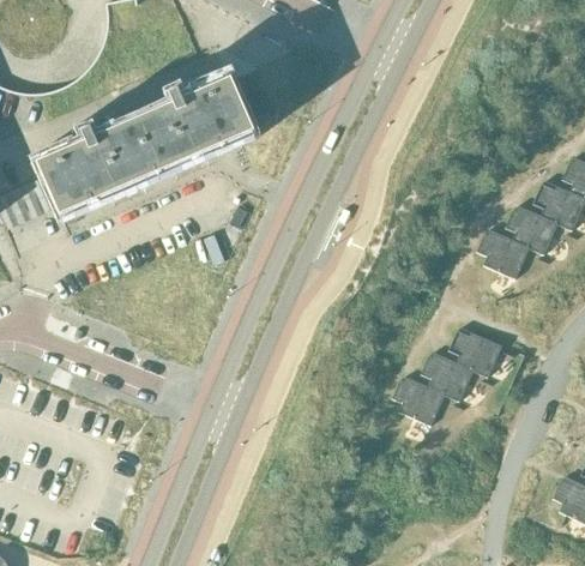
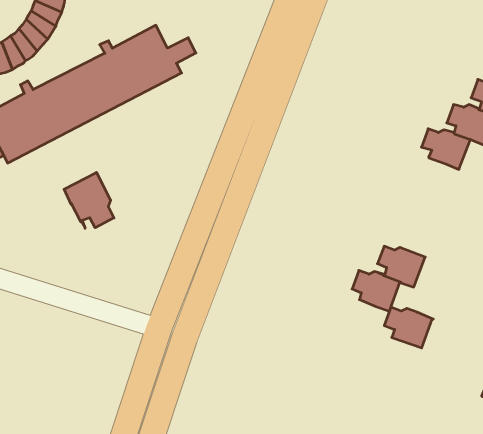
building: [477,230,530,277] -> none
building: none -> [64,172,114,228]
building: [393,378,446,423] -> [384,307,433,348]

